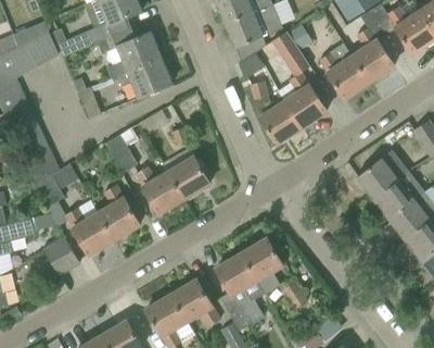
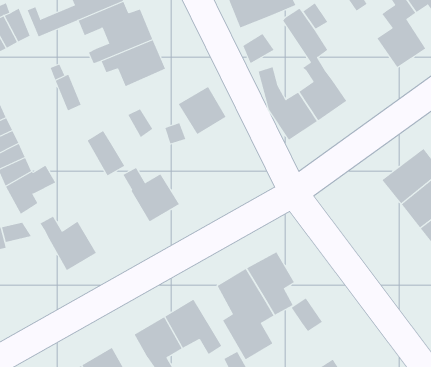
building: [319,53,369,98] -> none
building: [168,157,209,198] -> [178,86,226,135]
building: [98,185,140,239] -> none
building: [44,238,79,275] -> none

